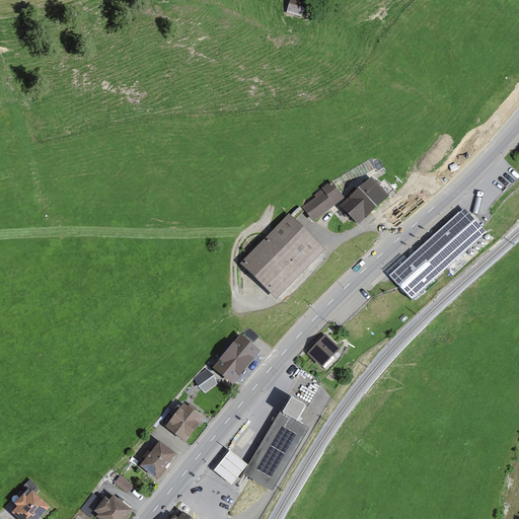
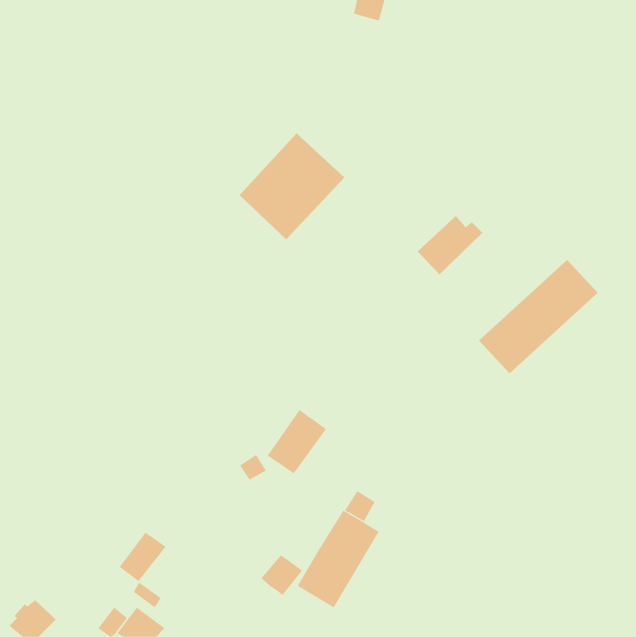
building: [300,180,341,219] -> none
building: [237,211,323,298] -> [239,133,345,240]
building: [307,336,337,365] -> none
building: [169,401,209,442] -> none
building: [141,440,179,480] -> [119,532,167,582]

